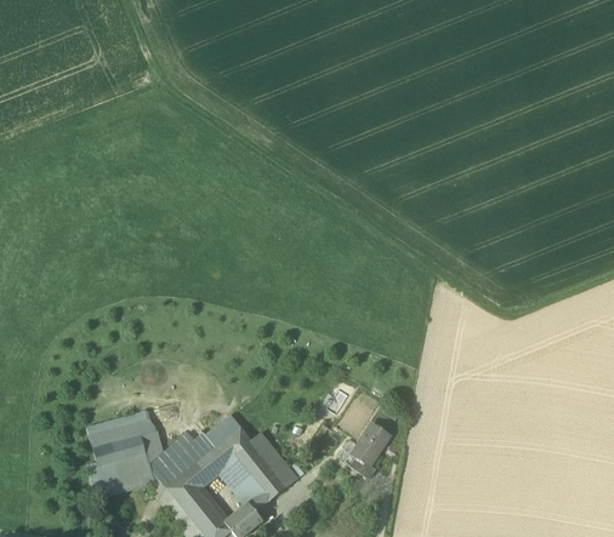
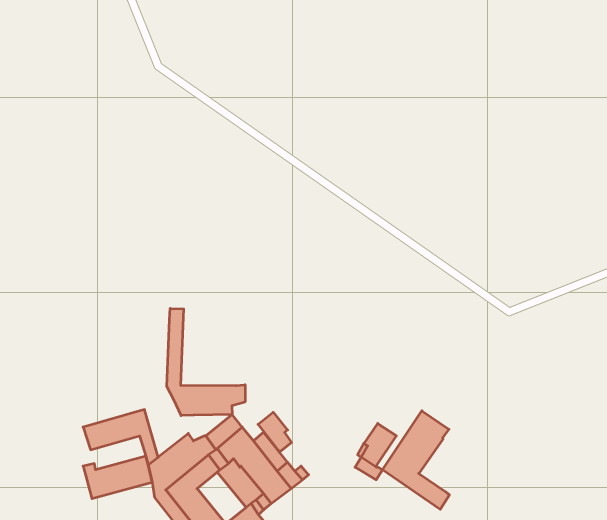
building: none -> [167,308,245,416]
building: none -> [383,411,449,509]
building: none -> [258,412,291,452]
building: [95,434,148,467] -> none

